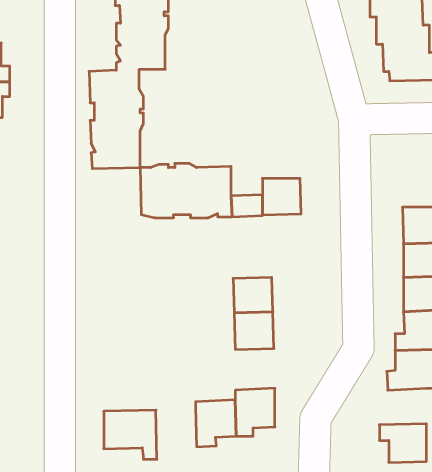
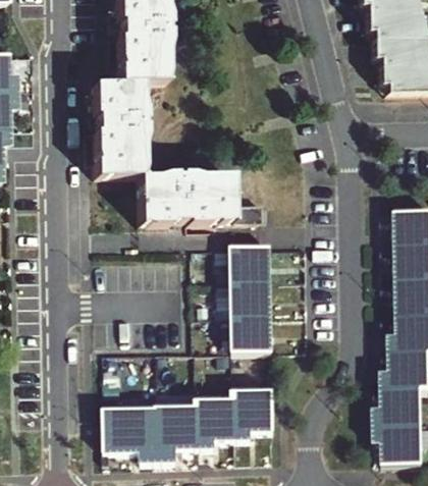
building: [262,178,301,215] -> [232,246,270,281]
building: none -> [375,388,421,424]
building: none -> [157,407,197,457]

